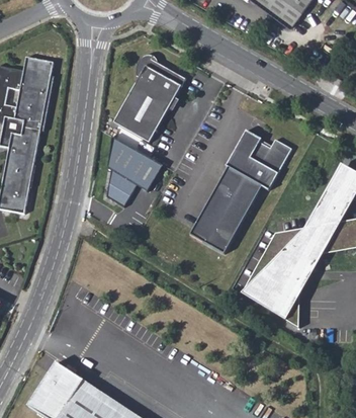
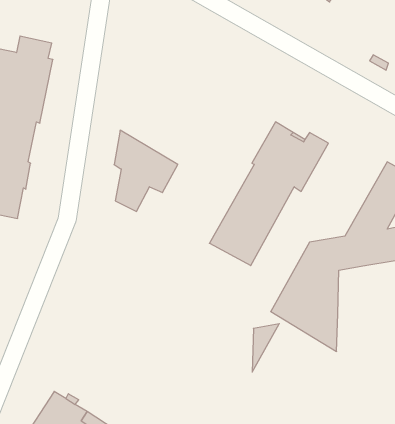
building: [113,54,185,143] -> none
building: [299,254,323,296] -> [252,324,279,372]

